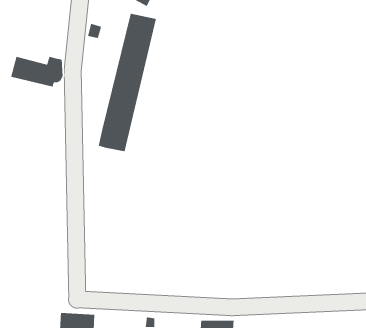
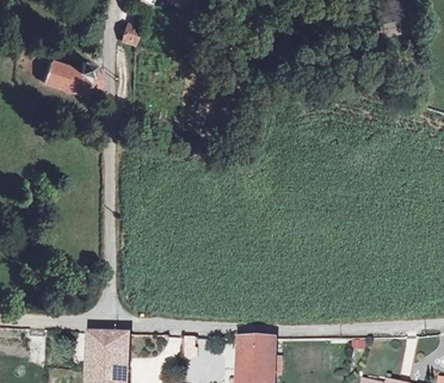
building: [98,13,157,152] -> none

